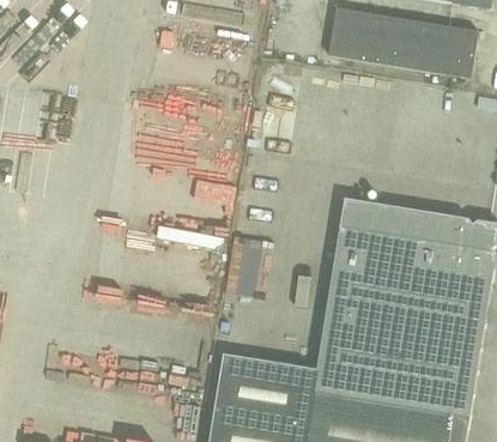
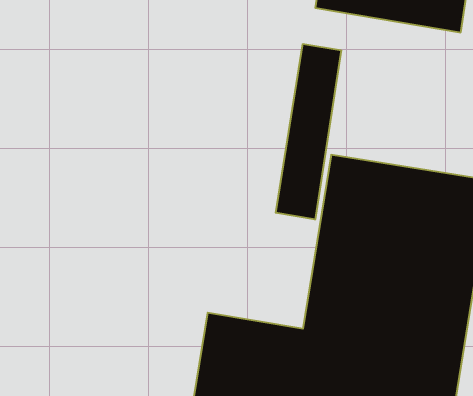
building: none -> [276,44,341,220]

